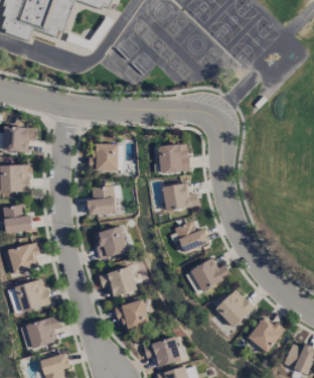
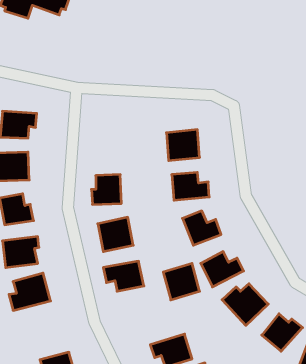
building: [90,144,119,170] -> none
building: [116,298,150,333] -> [163,263,200,300]
building: [19,316,60,350] -> none

